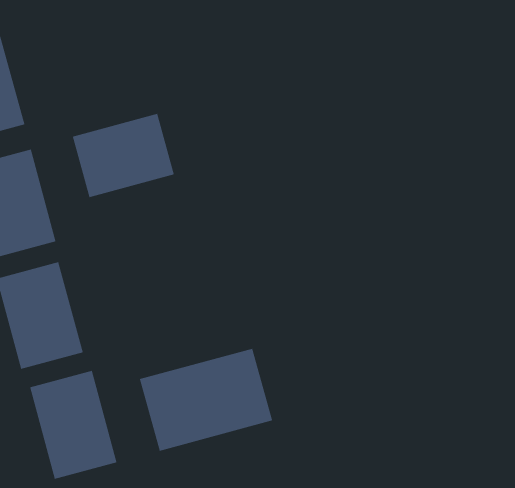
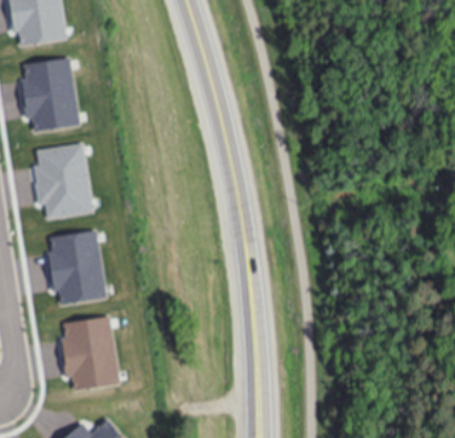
building: [72,113,175,198] -> none
building: [139,348,273,452] -> none

